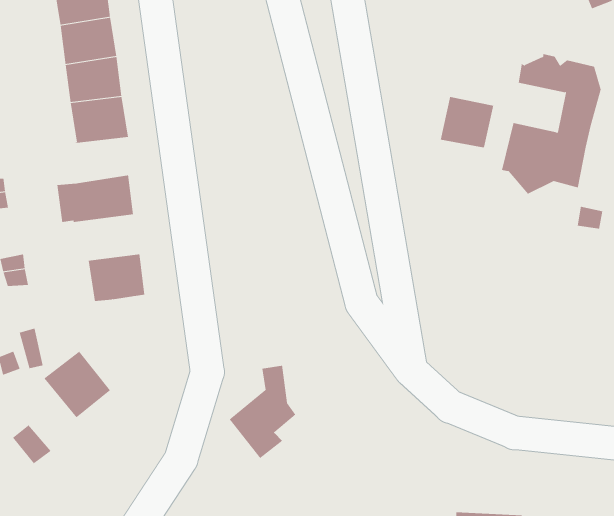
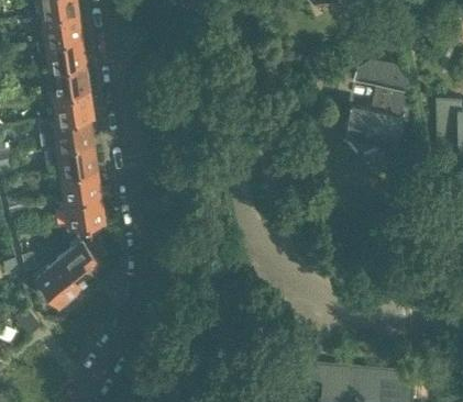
building: [440,96,494,149] -> none
building: none -> [55,116,93,147]
building: none -> [56,168,101,199]
building: [229,365,296,459] -> [60,223,106,286]

